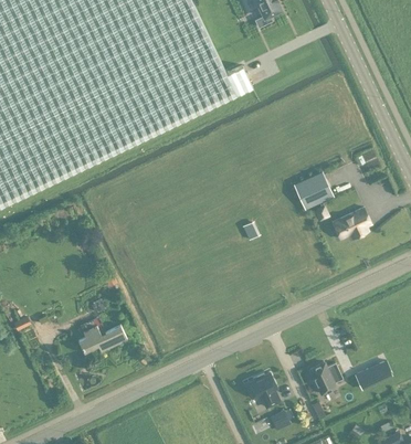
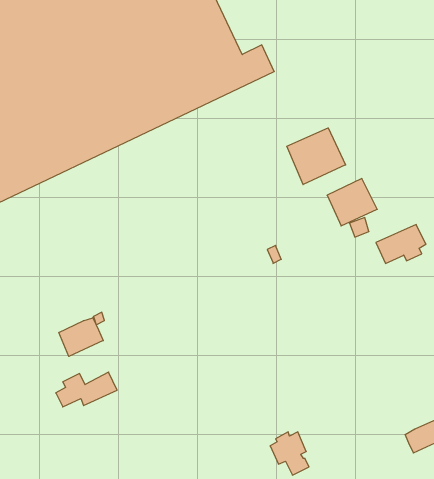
building: none -> [287,128,346,185]
building: none -> [59,318,103,356]
building: [308,362,342,394] -> none

